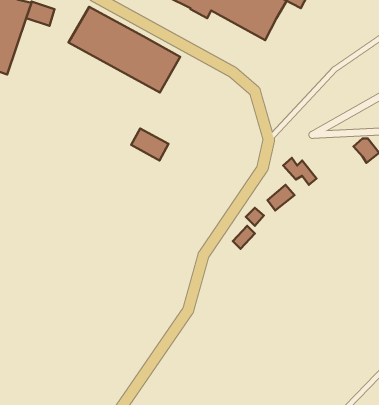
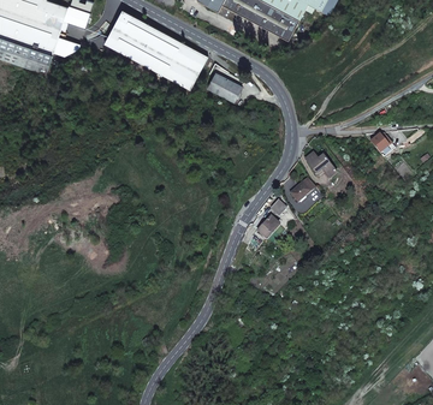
building: [131,128,168,160] -> [207,72,242,102]

